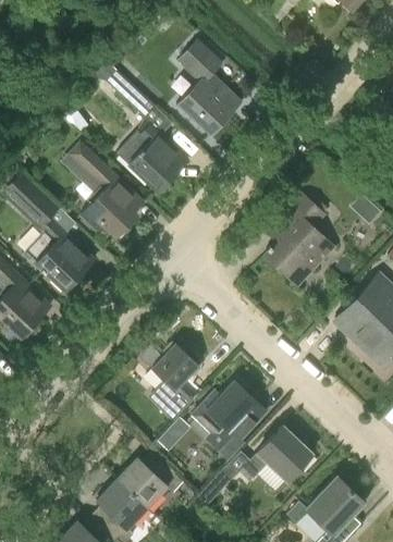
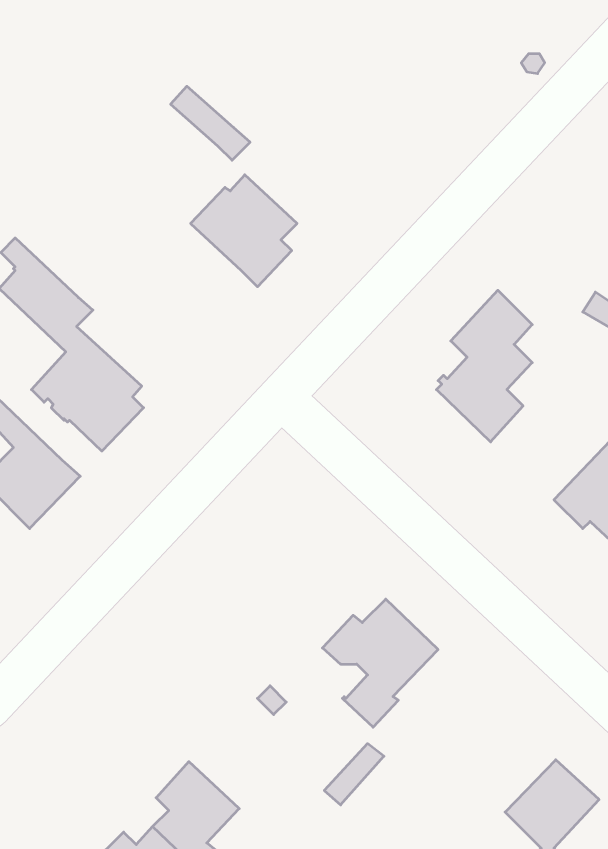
building: [176,39,233,137] -> none
building: [70,144,144,237] -> none
building: [142,343,199,417] -> none
building: [244,426,312,480] -> none
building: [116,454,182,507] -> none

